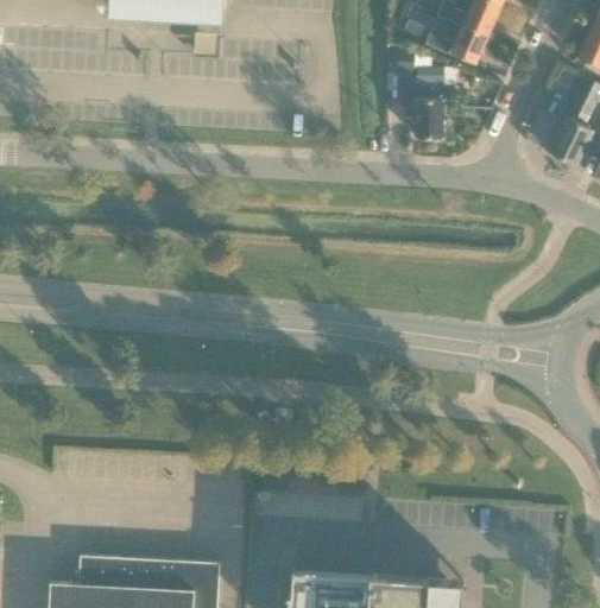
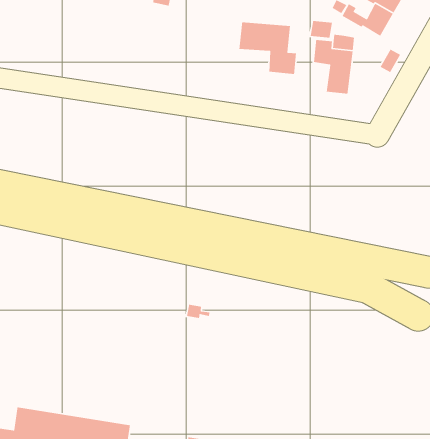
building: none -> [239,22,297,75]

